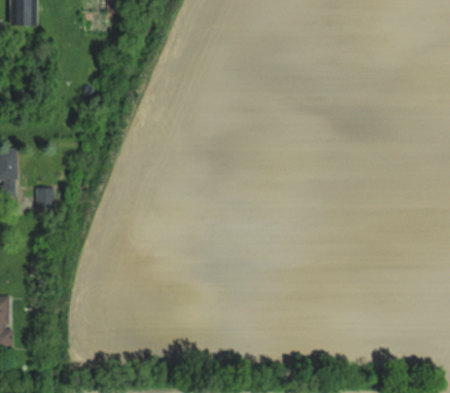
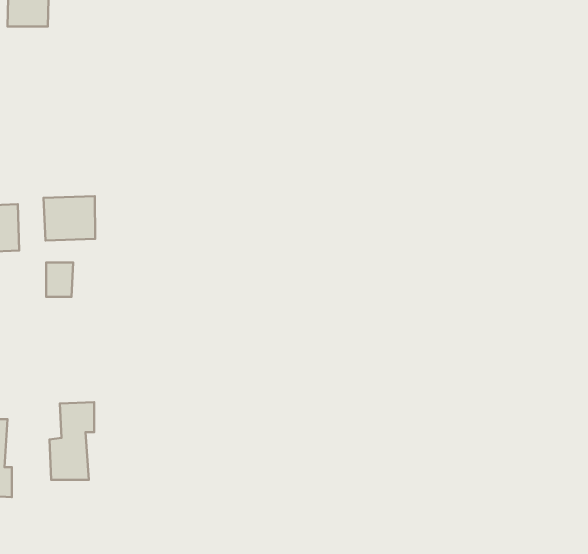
building: none -> [44,196,95,240]
building: none -> [49,402,94,480]

